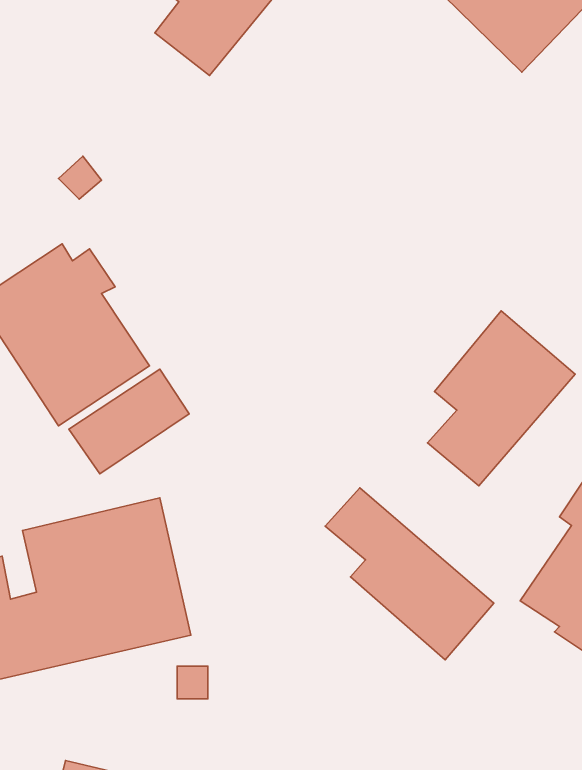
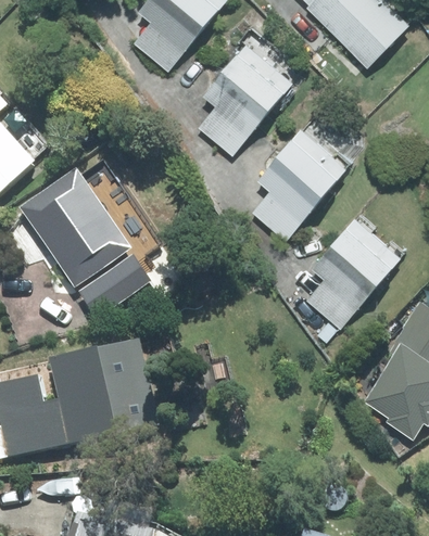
building: none -> [199,28,303,154]
building: none -> [252,127,348,241]
building: [325,488,494,660] -> none

